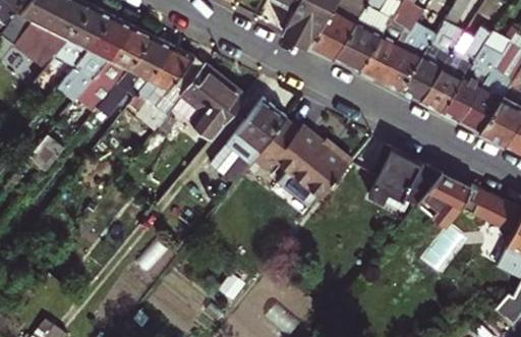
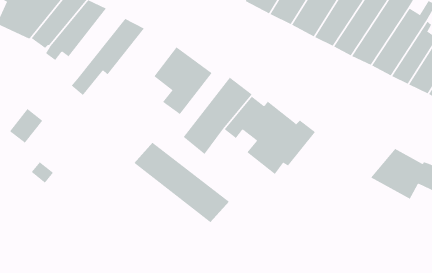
building: [83,32,153,107] -> none
building: [126,53,208,127] -> none
building: [368,156,424,209] -> none
building: none -> [133,142,230,223]

